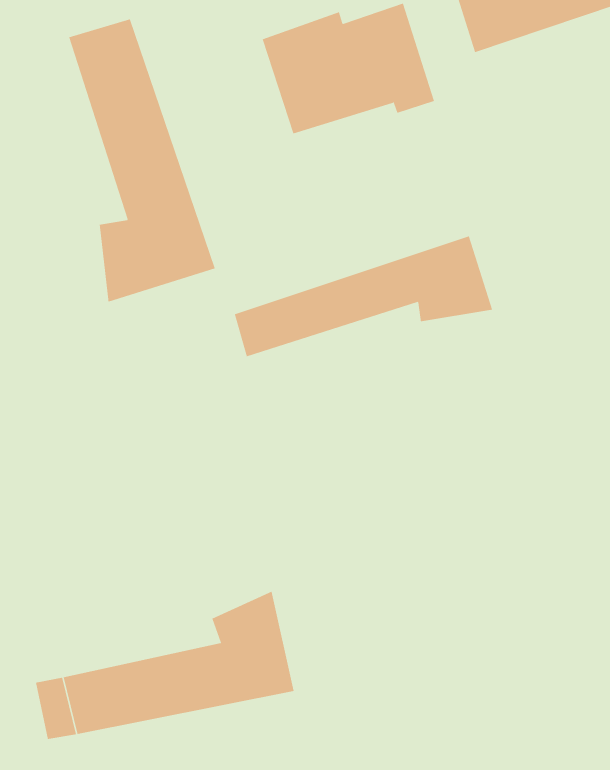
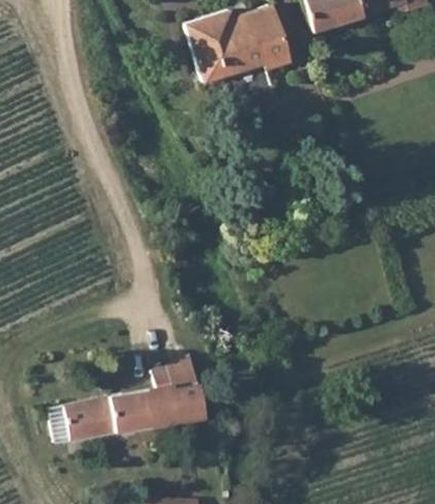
building: [69,19,215,303] -> none
building: [234,235,493,357] -> none

